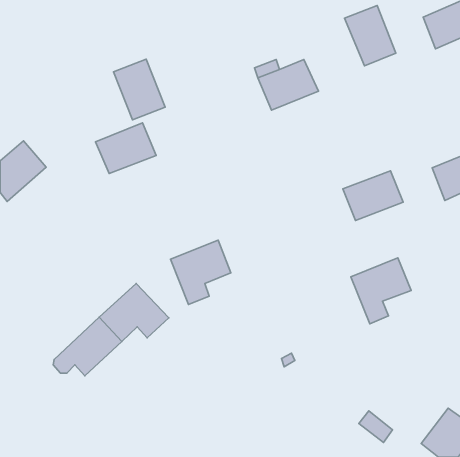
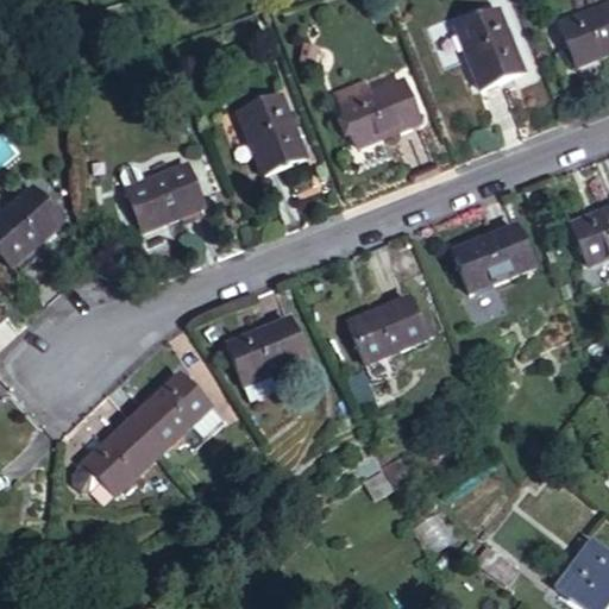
building: [114,59,165,120] -> [238,94,306,174]
building: [351,258,411,324] -> [347,295,427,382]

